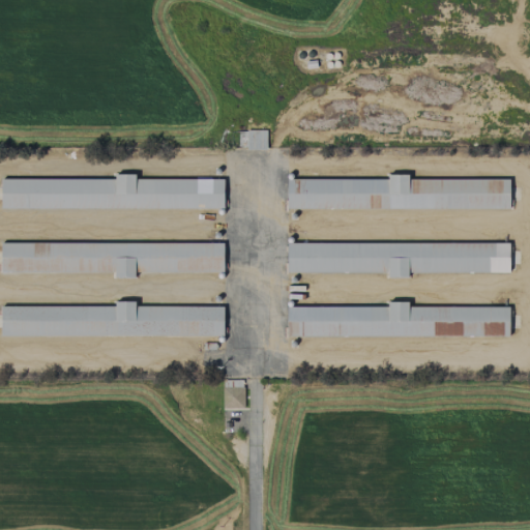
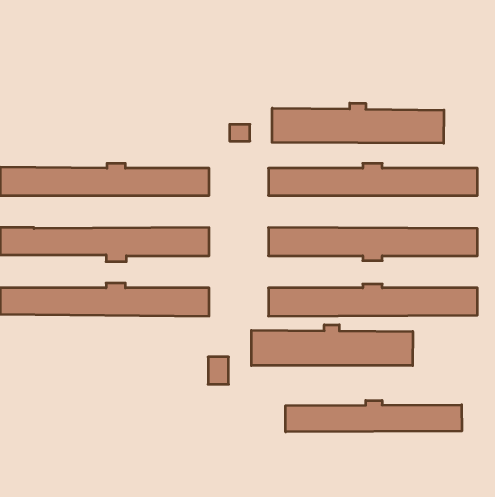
building: none -> [272,103,444,143]
building: none -> [251,325,413,366]
building: none -> [286,400,462,432]

